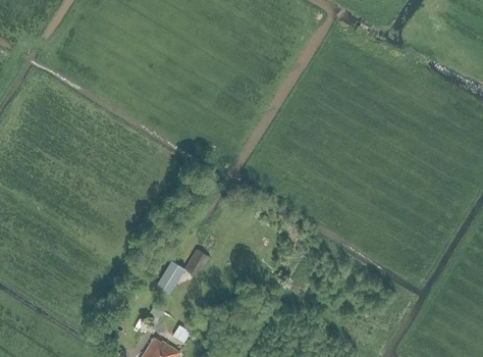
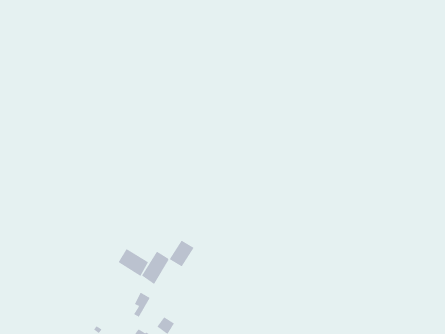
building: none -> [118,248,149,277]

